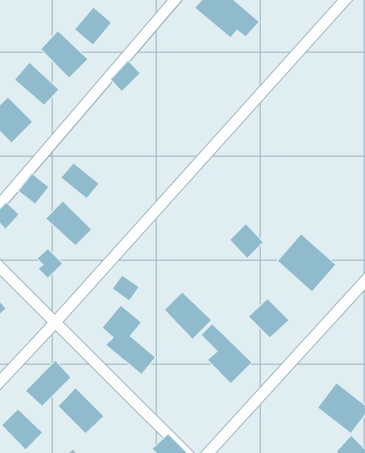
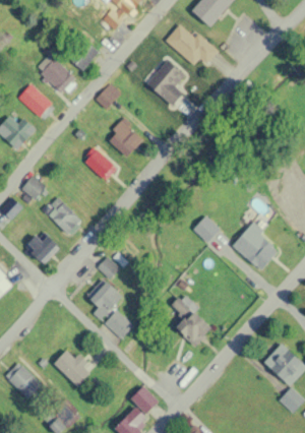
building: none -> [144,58,186,106]
building: none -> [103,119,143,161]
building: [61,162,99,199] -> [84,150,116,180]
building: [164,292,212,340] -> none
building: [248,299,289,338] -> none
building: [25,360,71,406] -> none

